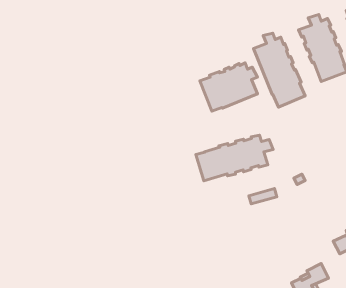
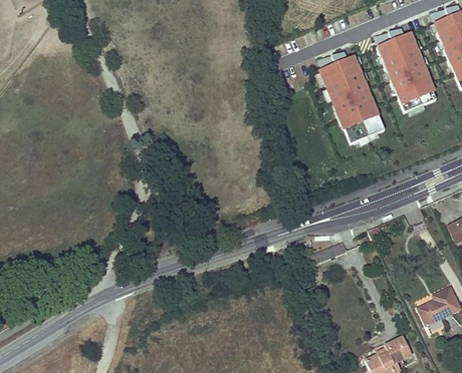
building: [200,63,258,111] -> none
building: [196,135,273,181] -> none

